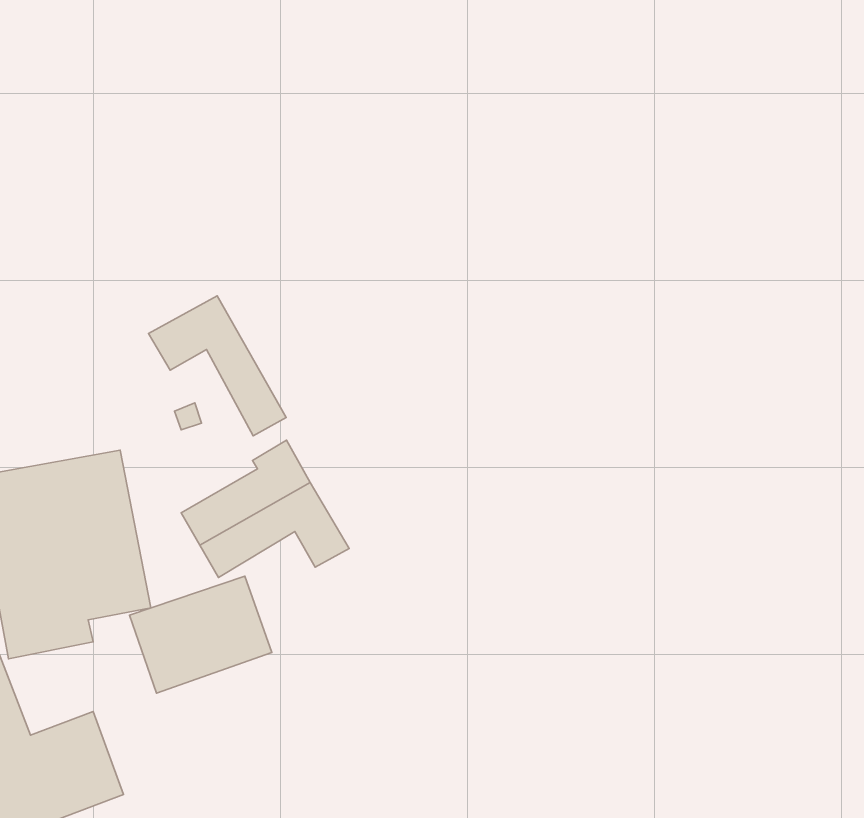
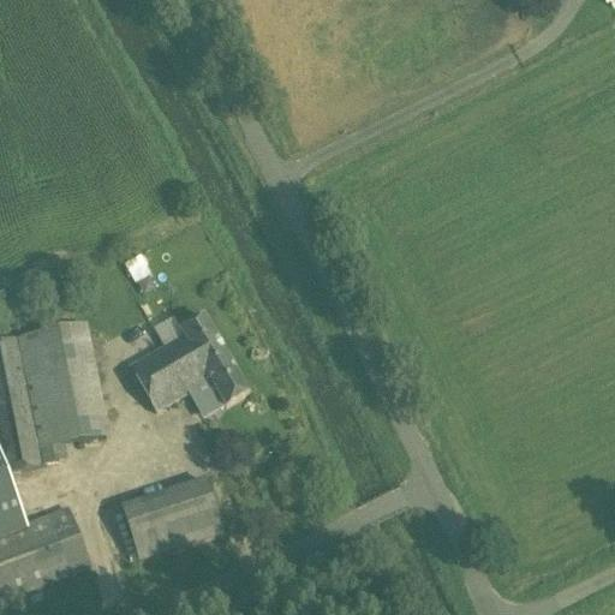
building: [149,296,286,436] -> none
building: [130,576,272,693] -> [120,477,221,560]

